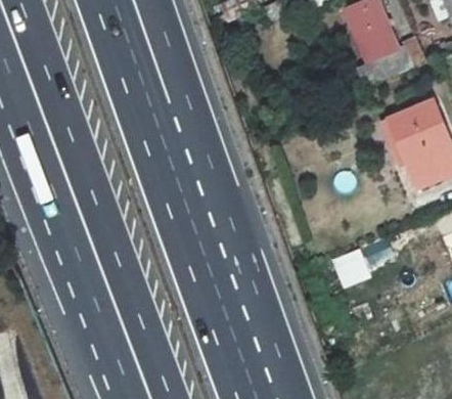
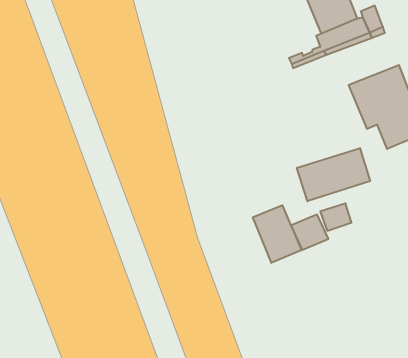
building: none -> [297,148,370,201]
building: none -> [253,205,301,263]

